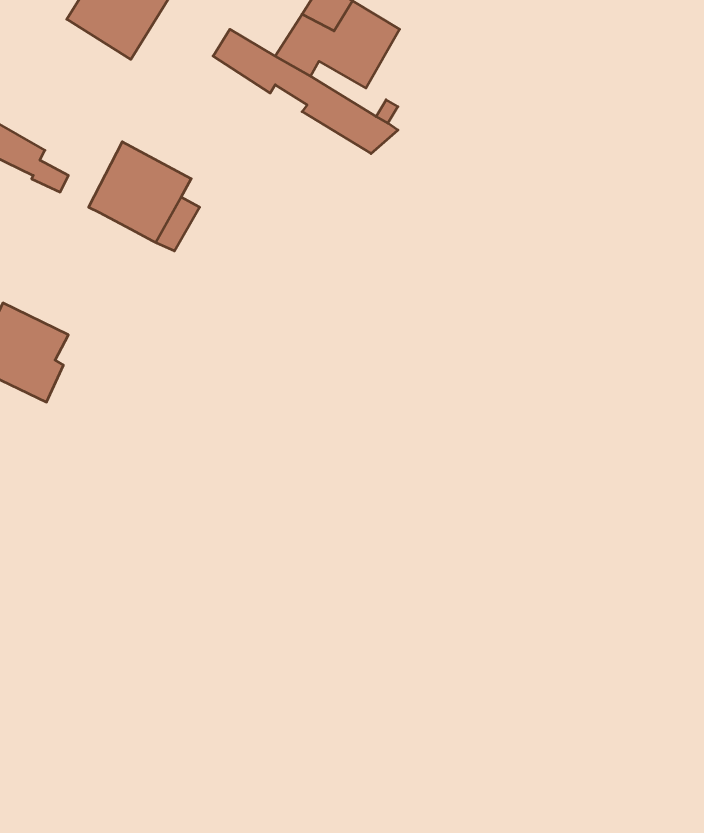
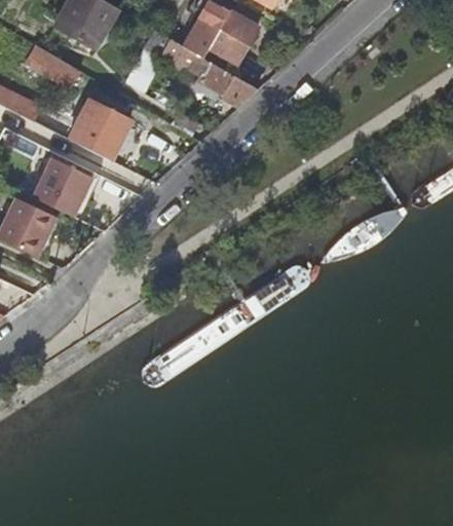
building: none -> [25,43,79,87]
building: none -> [31,156,100,216]

